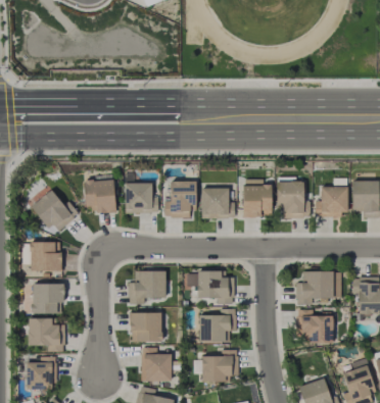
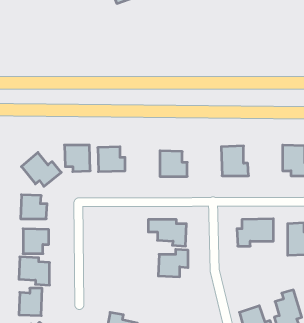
building: [242,179,271,217] -> none
building: [163,180,196,218] -> none
building: [314,186,347,215] -> none
building: [128,270,165,304] -> none
building: [295,309,332,342] -> none
building: [129,311,161,342] -> none
building: [140,347,171,381] -> none
building: [200,350,237,382] -> none

